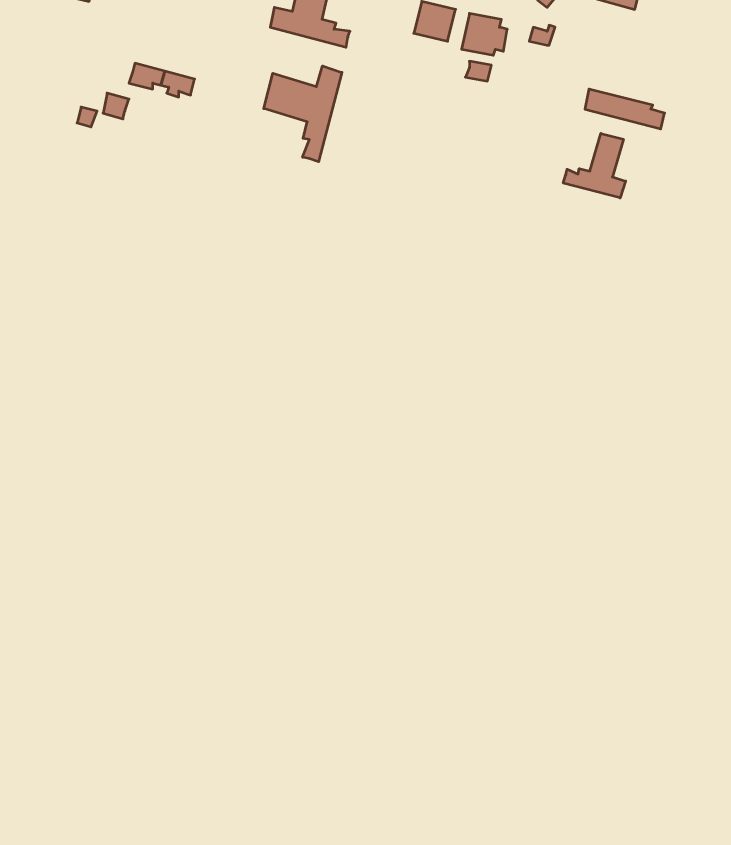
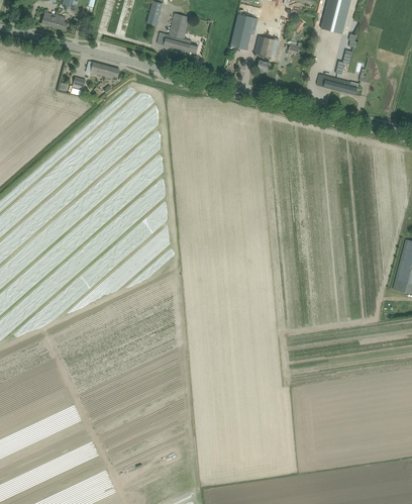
building: [264,66,342,162] -> none
building: [563,133,626,198] -> none

